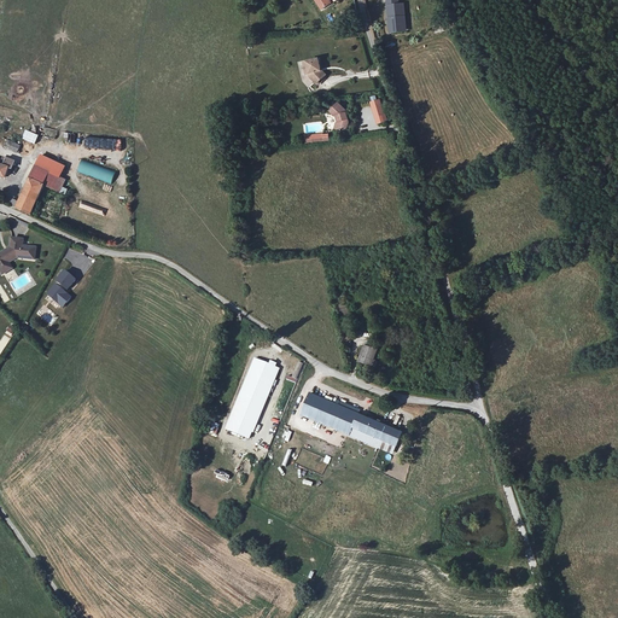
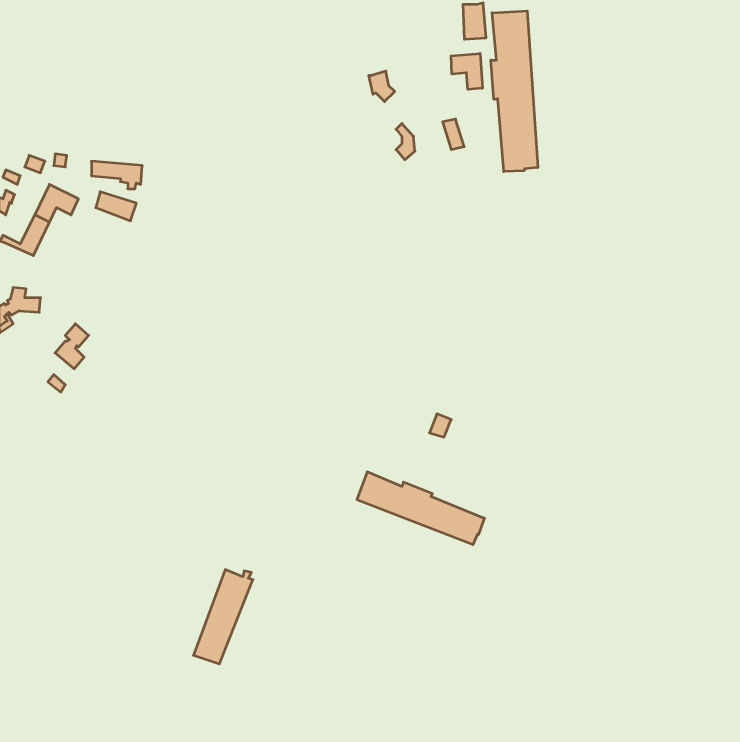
building: none -> [491,11,538,172]
building: none -> [451,53,482,89]
building: [226,363,275,442] -> [193,570,253,664]

